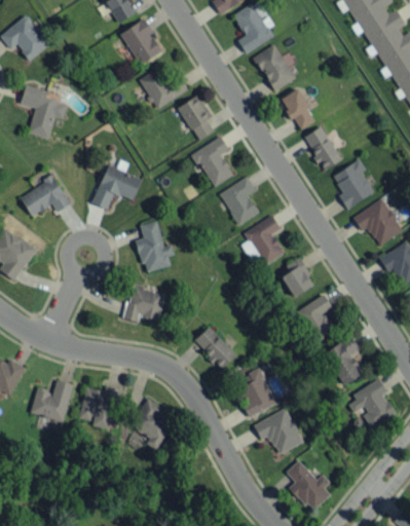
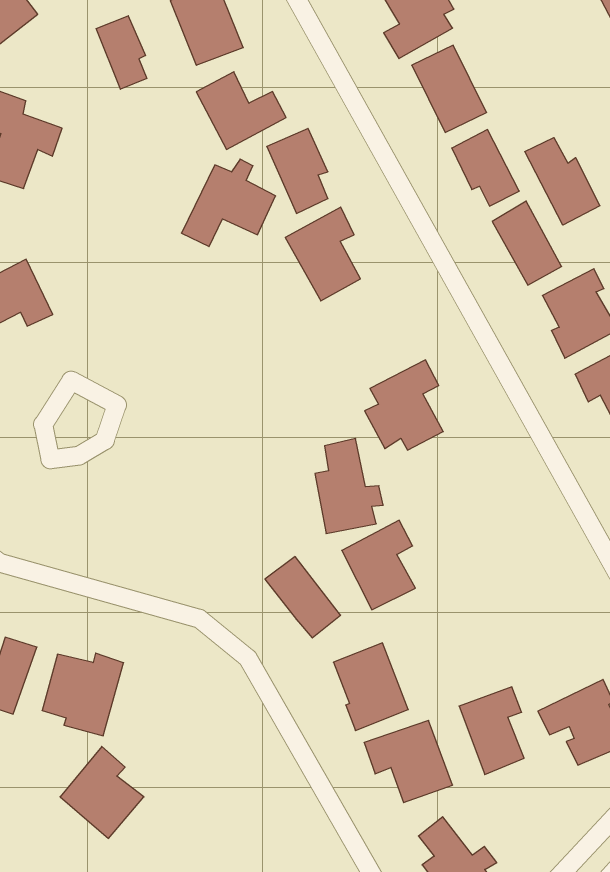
building: none -> [96,16,147,89]
building: none -> [525,138,600,225]
building: [92,160,142,209] -> [181,159,276,247]
building: [219,176,259,225] -> none
building: [137,220,175,272] -> [315,438,383,534]
building: [282,258,315,297] -> none
building: [124,286,165,322] -> none
building: [295,294,336,343] -> [342,520,415,610]
building: [326,337,363,385] -> [459,687,524,775]
building: [129,399,175,448] -> [60,746,144,838]

